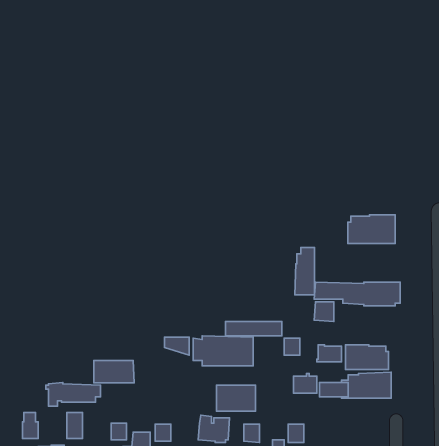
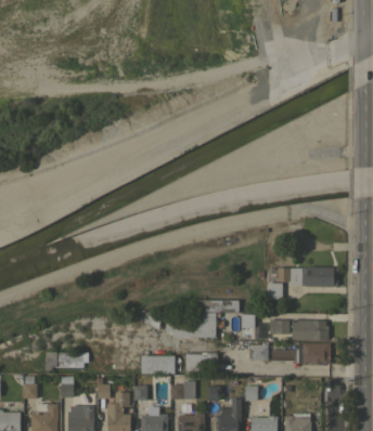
building: [348,215,395,243] -> none
building: [295,248,315,295] -> none
building: [94,361,134,383] -> [142,355,176,374]

